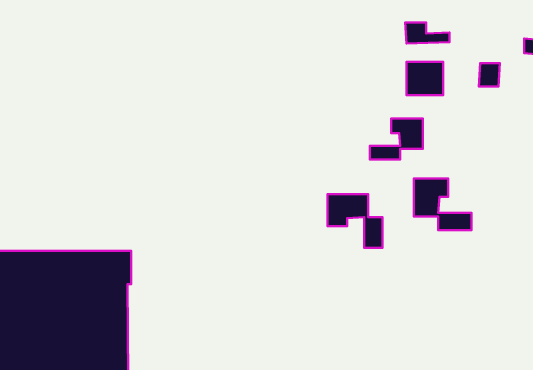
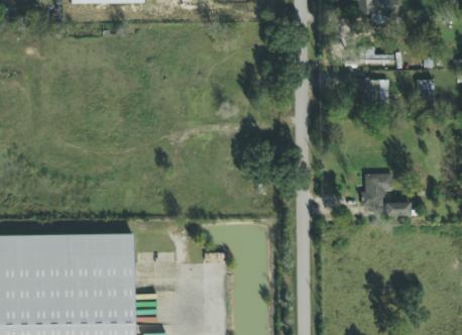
building: [370,118,423,159] -> none
building: [328,194,383,248] -> none

